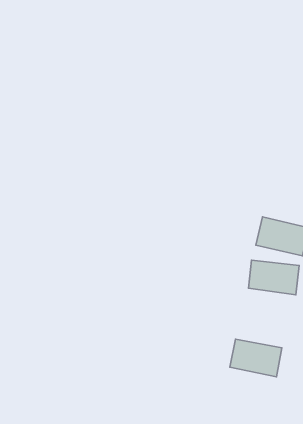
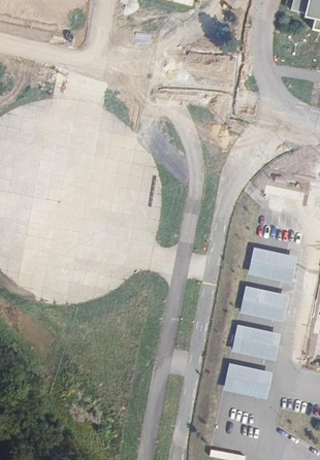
building: none -> [230,324,281,359]

